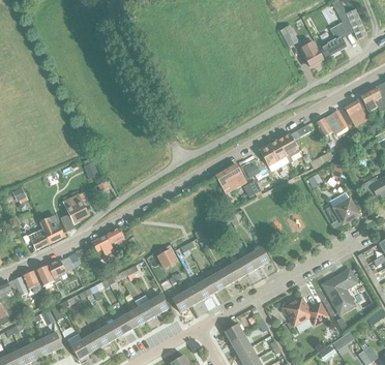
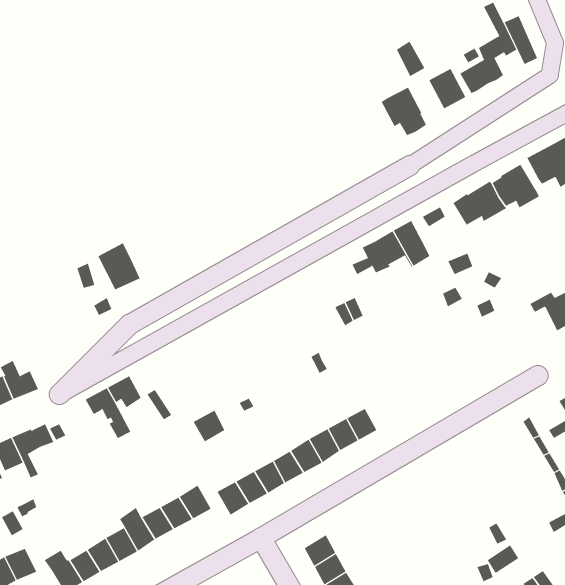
building: none -> [381,87,427,136]
building: [215,163,246,193] -> none
building: [63,193,89,222] -> [98,242,140,290]
building: [325,199,357,223] -> none
building: [323,270,356,313] -> none
building: [282,297,328,326] -> none

